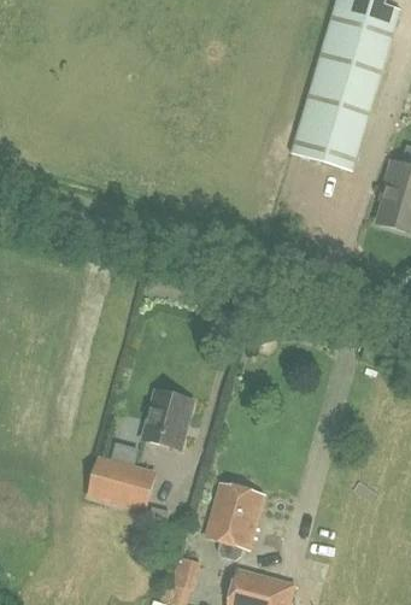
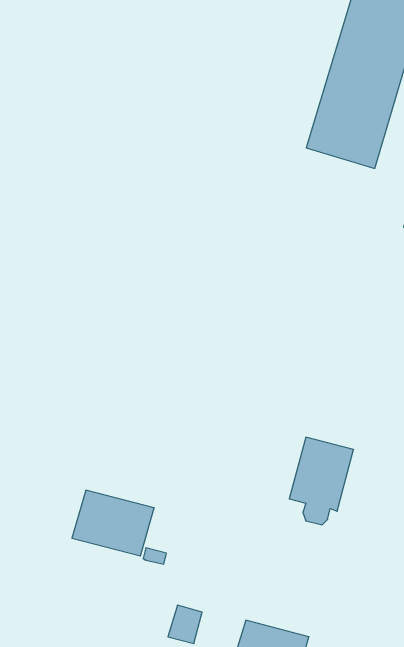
building: [142,388,193,447] -> none
building: [206,482,263,559] -> [289,437,354,525]

